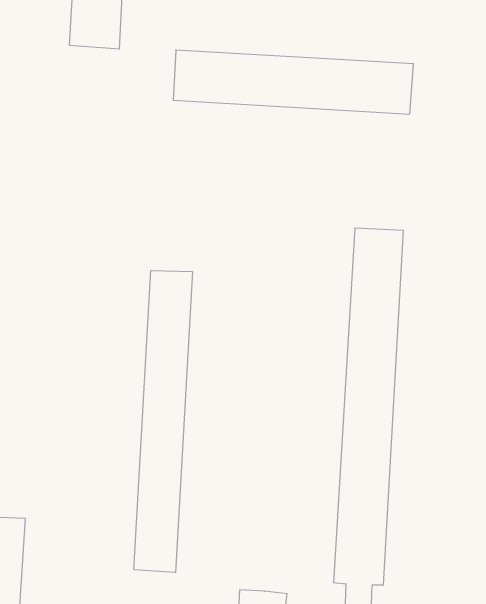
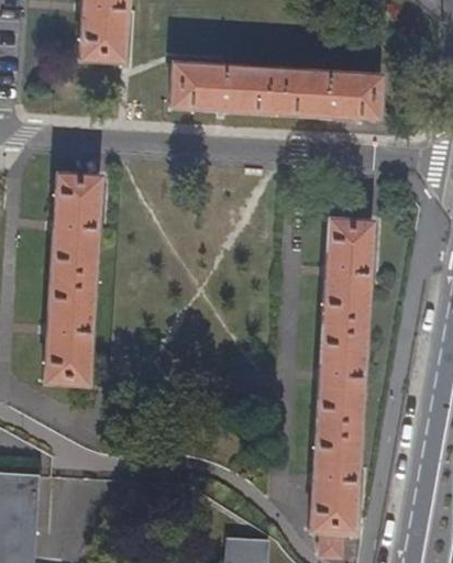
building: none -> [45,175,100,385]
building: [134,270,193,573] -> none

